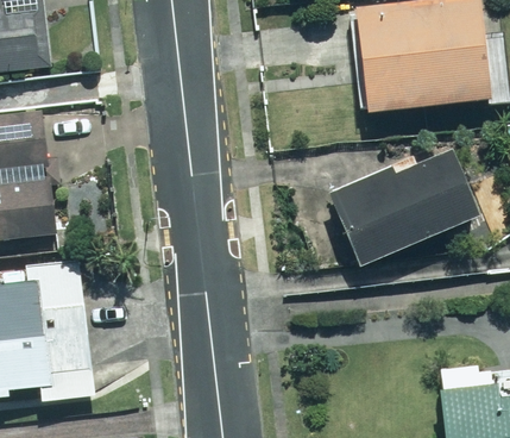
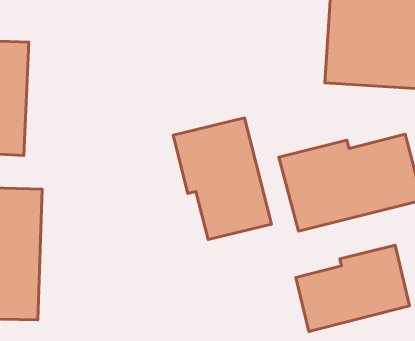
building: none -> [173,118,271,240]
building: none -> [296,245,410,331]

